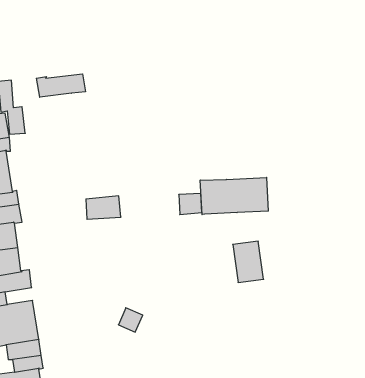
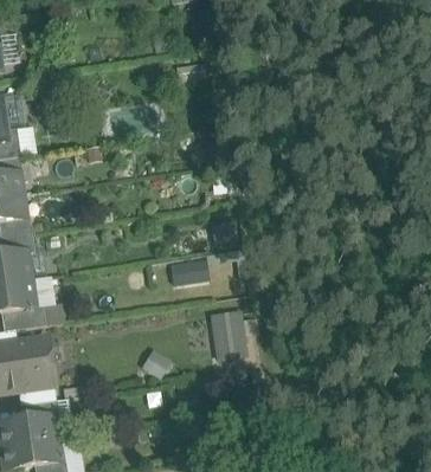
building: [36,74,85,97] -> none
building: [200,177,268,215] -> none
building: [86,196,121,219] -> [172,258,211,284]
building: [233,241,264,282] -> [212,313,246,360]

